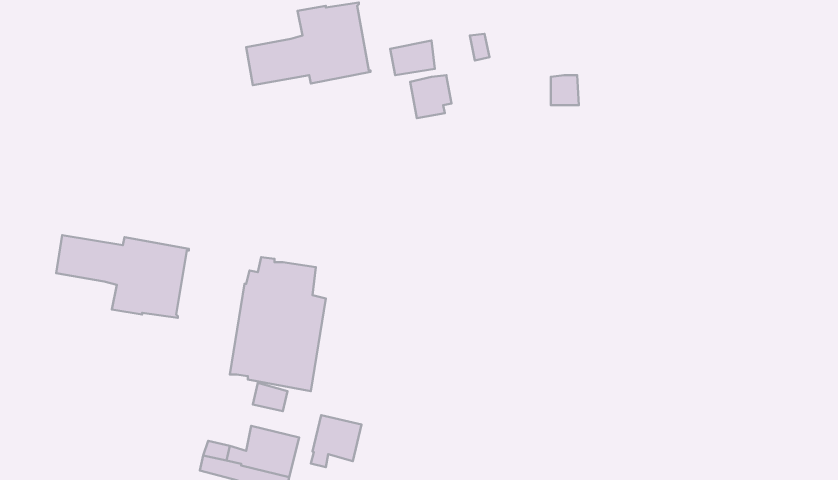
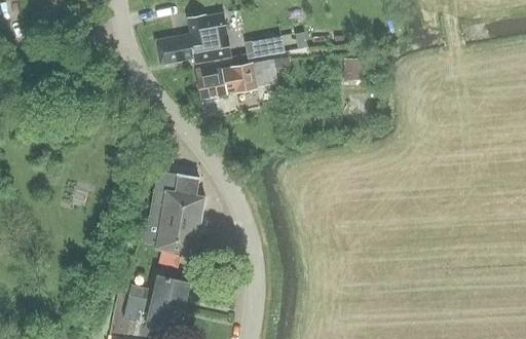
building: none -> [195,63,257,98]
building: [56,235,189,318] -> none
building: [311,415,362,467] -> none

